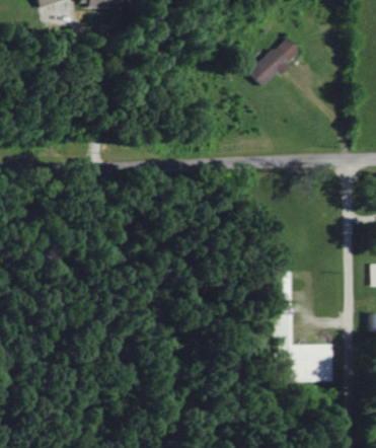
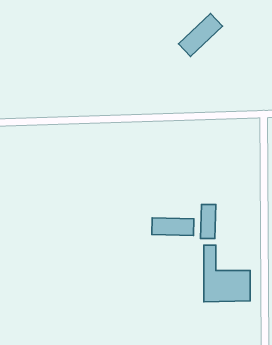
building: none -> [152,218,194,236]

